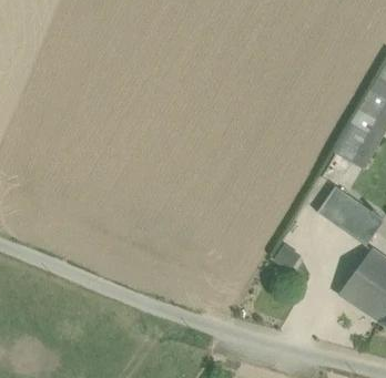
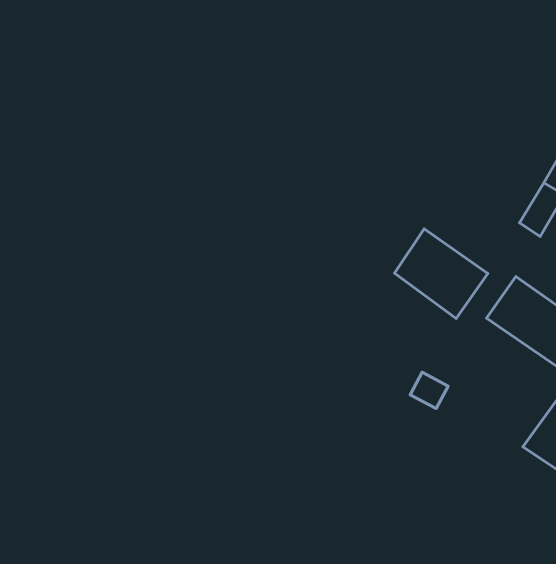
building: none -> [394,229,488,318]

